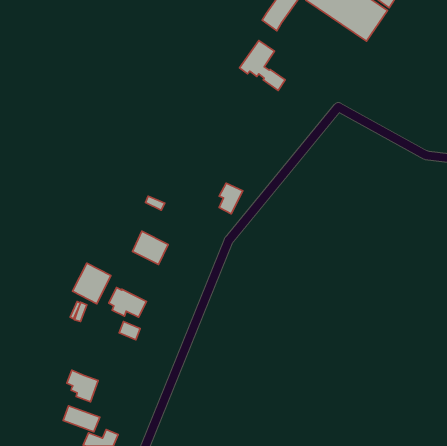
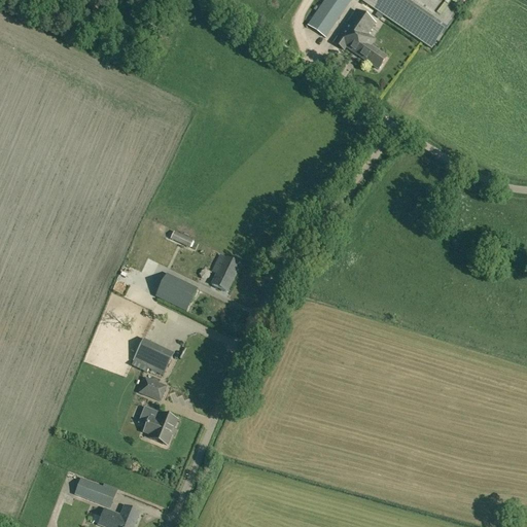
building: [239,41,285,90] -> [335,9,388,68]
building: [219,183,243,214] -> [213,254,241,290]
building: [73,263,111,304] -> none
building: [67,370,98,402] -> [140,407,177,444]

